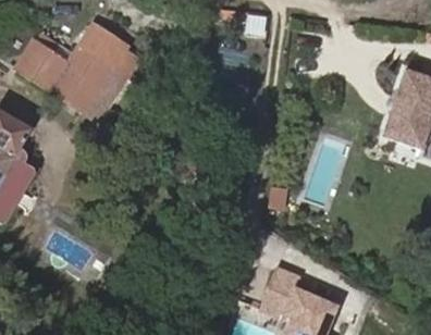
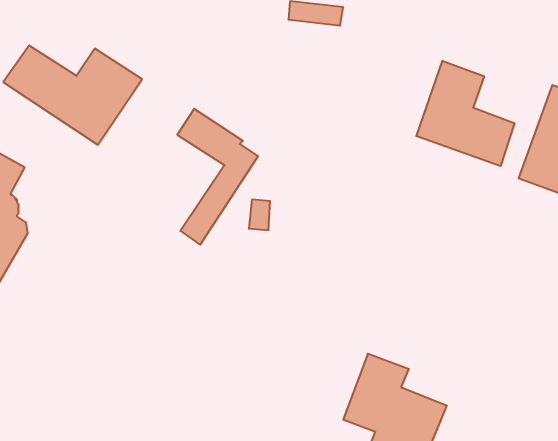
building: [79,24,137,121] -> [177,109,258,245]
building: none -> [416,61,514,166]

